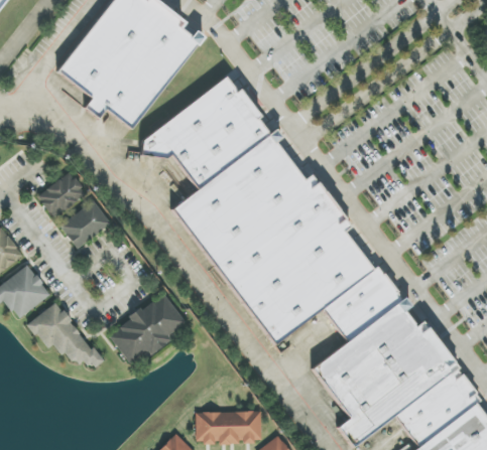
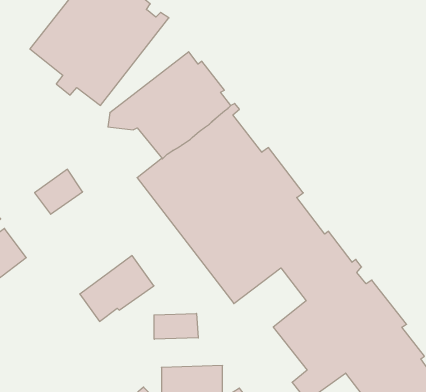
building: [38,170,89,217] -> none
building: [28,300,102,368] -> none
building: none -> [154,313,198,339]

